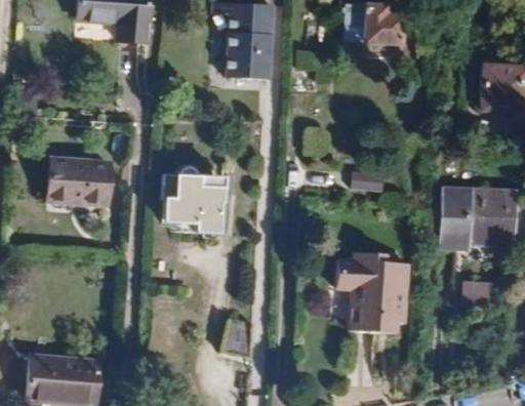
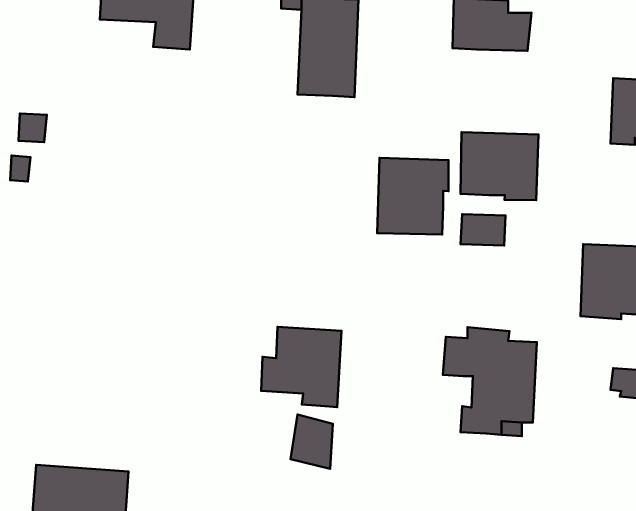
building: none -> [461,132,539,200]
building: none -> [377,158,448,234]
building: [48,159,112,206] -> none
building: [165,174,226,235] -> [261,327,341,407]

